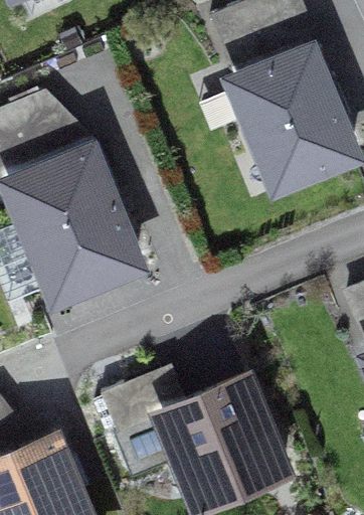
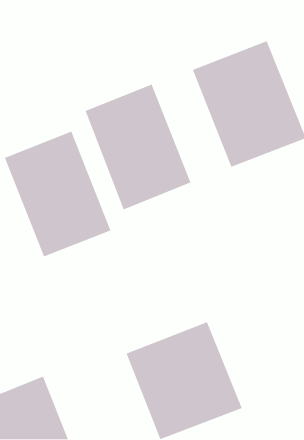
building: none -> [85,83,191,210]

